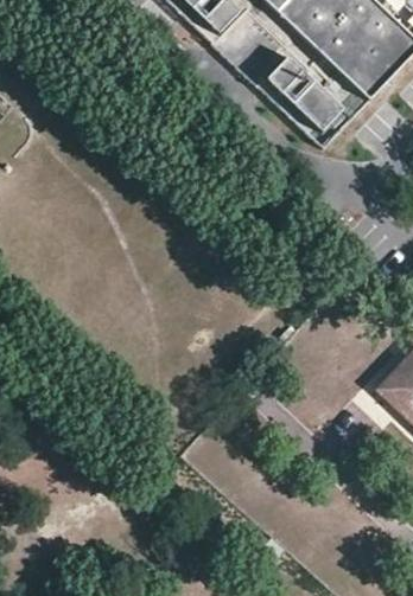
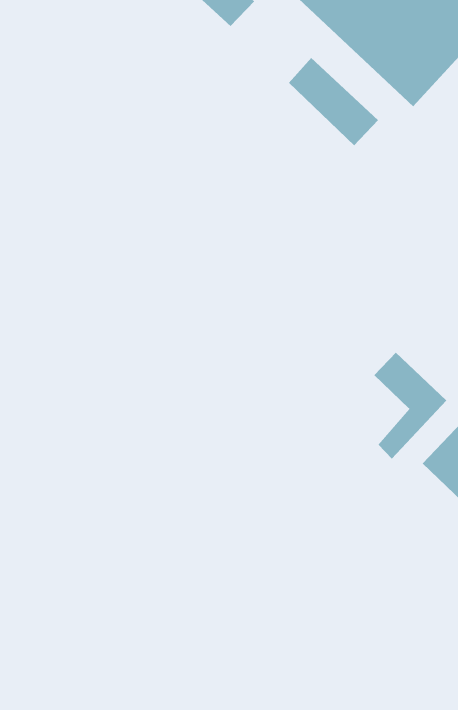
building: none -> [374,352,447,459]

